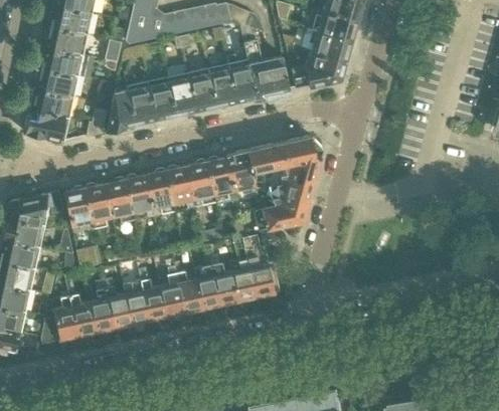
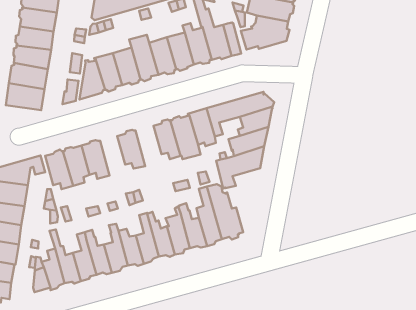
building: [167,165,194,209] -> none
building: [127,174,153,217] -> none

